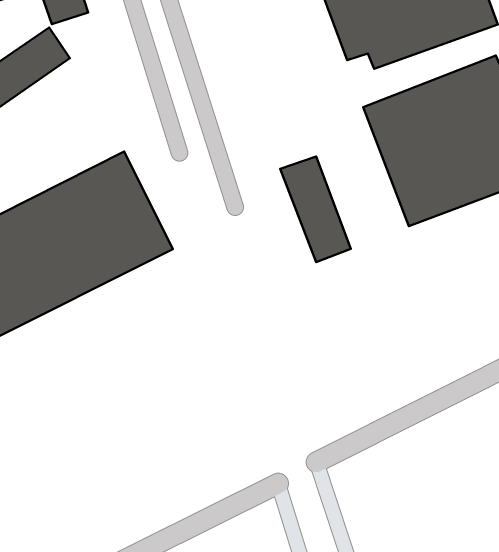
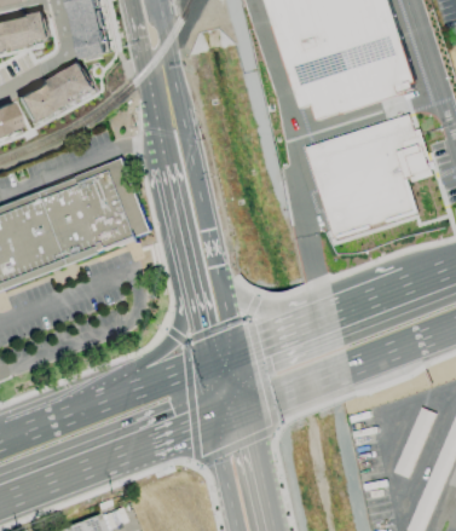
building: [280,156,351,262] -> none

